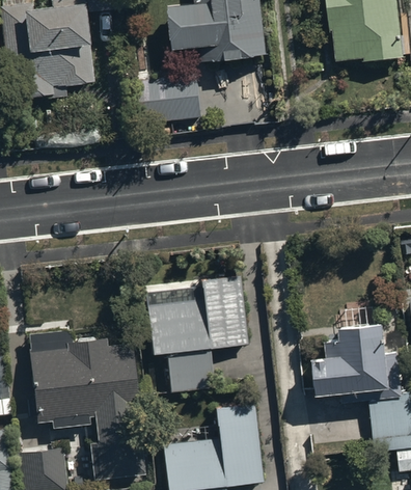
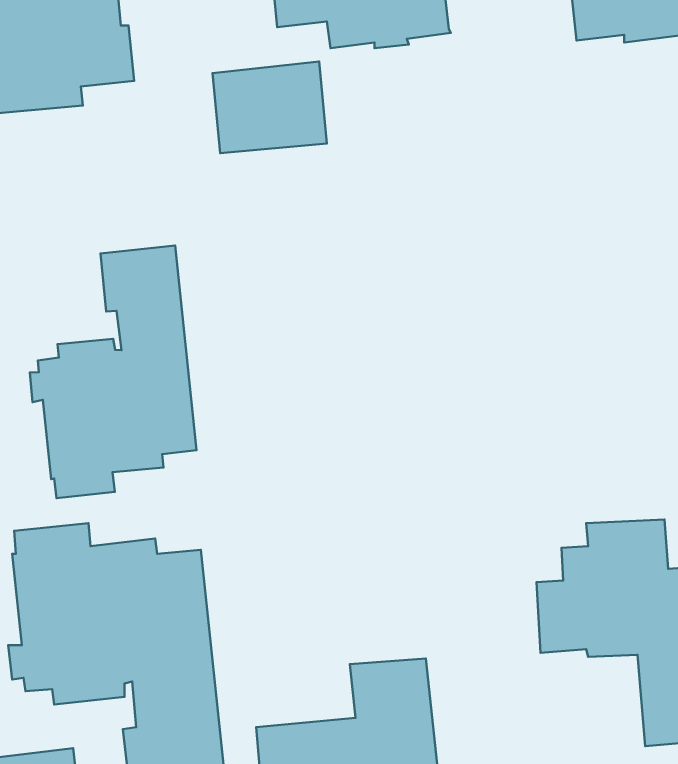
building: none -> [30,245,197,498]
building: [145,273,247,390] -> none

